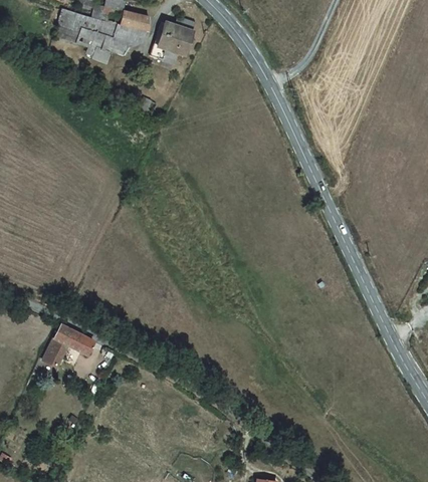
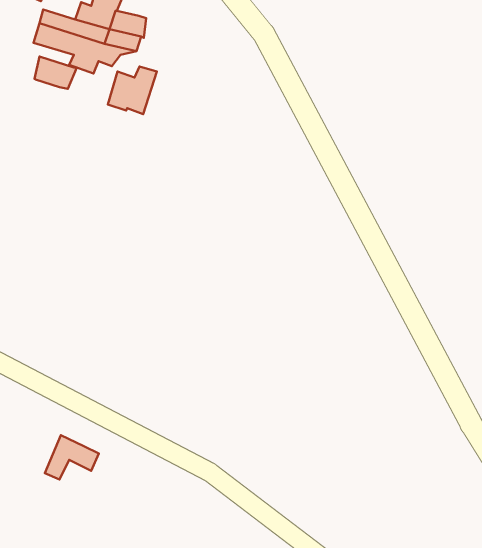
building: [159,21,199,60] -> [108,66,157,114]
building: none -> [34,56,77,89]
building: [44,322,88,358] -> [45,435,99,479]

